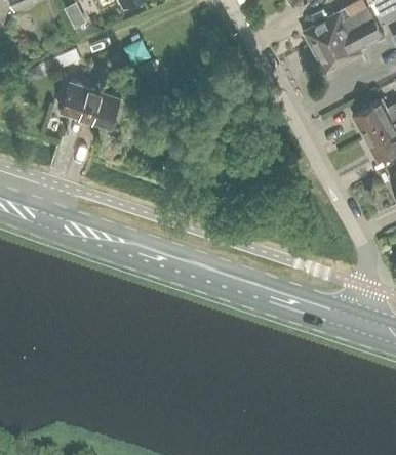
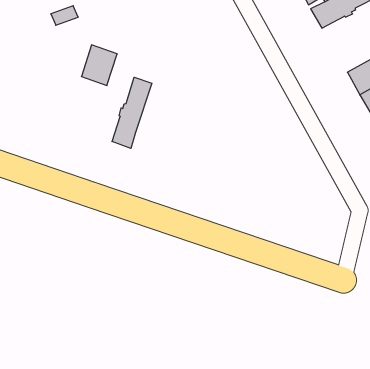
building: [61,79,95,119] -> none
building: none -> [112,77,152,148]

